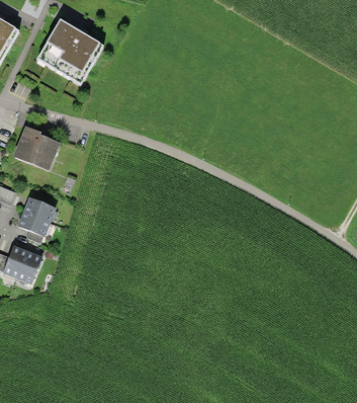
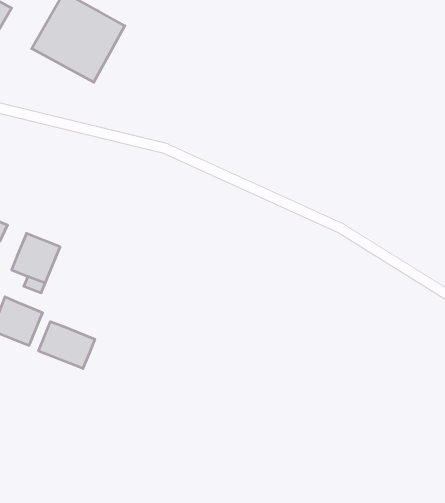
building: [16,128,58,166] -> none
building: none -> [39,322,95,369]

